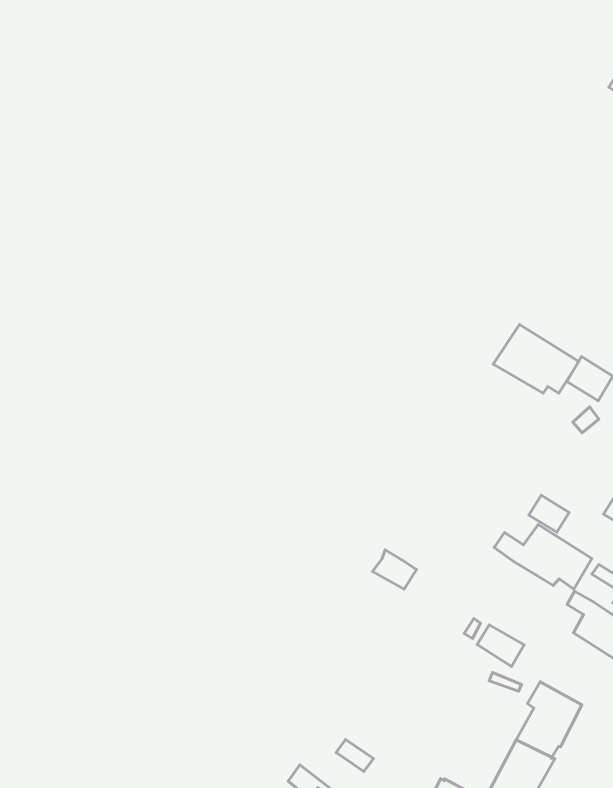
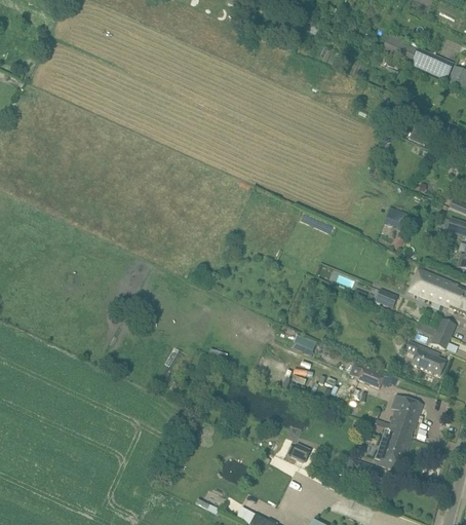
building: [493,324,579,393] -> none
building: [494,524,592,589] -> none

